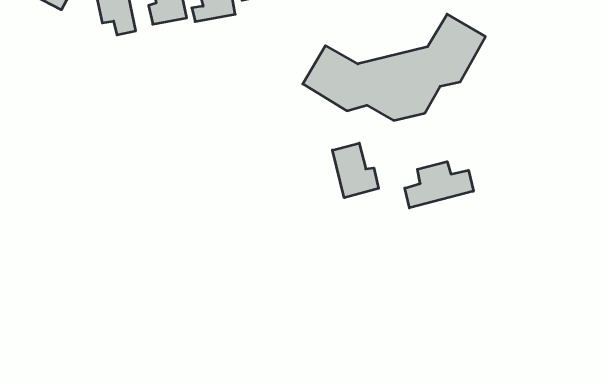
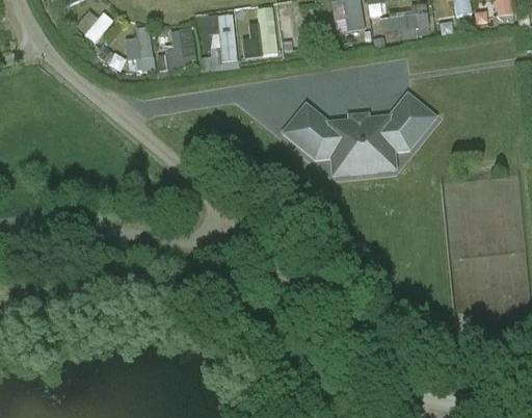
building: [332,143,379,198] -> none
building: [405,162,473,208] -> none

